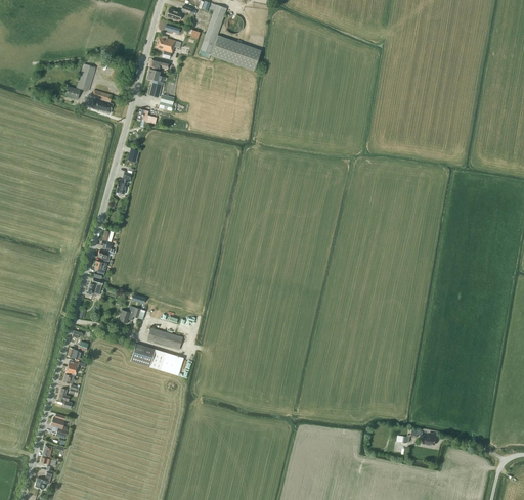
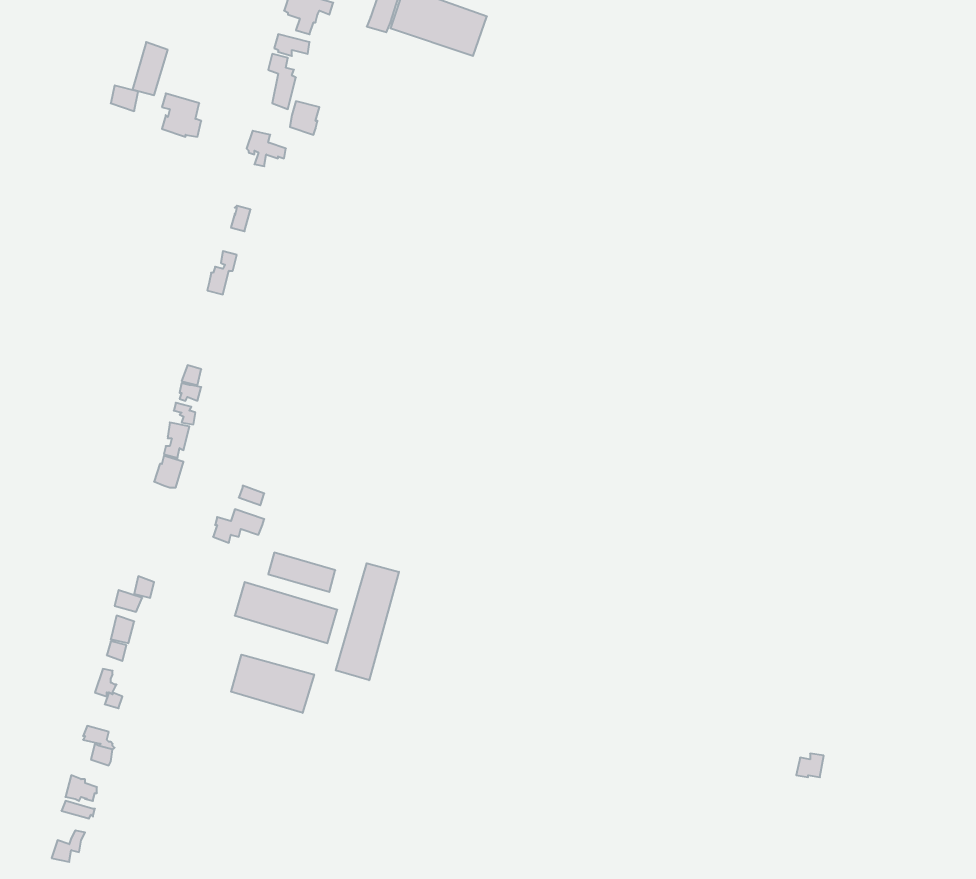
building: none -> [336,563,399,680]
building: none -> [231,655,314,713]

